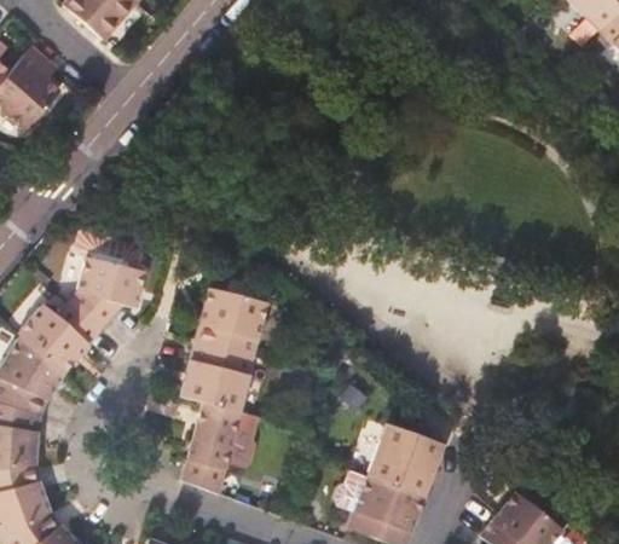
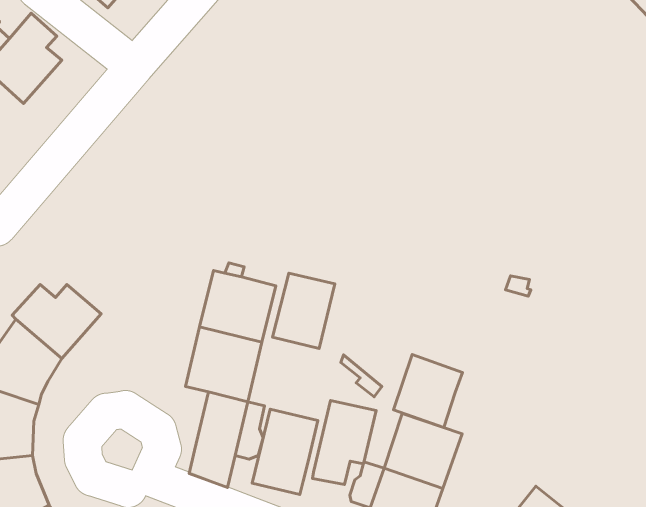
building: [68,230,146,330] -> none
building: none -> [272,273,335,349]
building: none -> [394,355,463,428]
building: none -> [312,401,376,485]
building: none -> [252,409,318,495]

